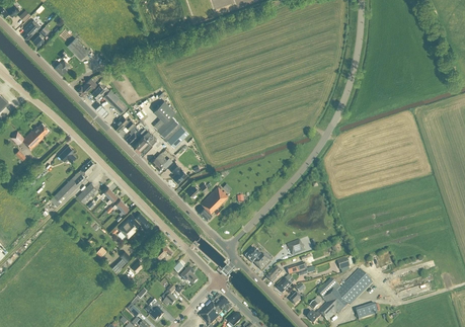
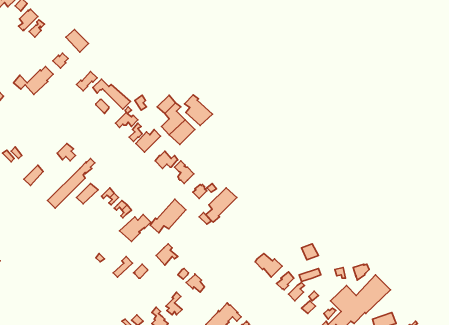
building: none -> [184,95,212,125]
building: [11,122,49,149] -> [13,67,53,95]
building: none -> [150,199,186,233]

